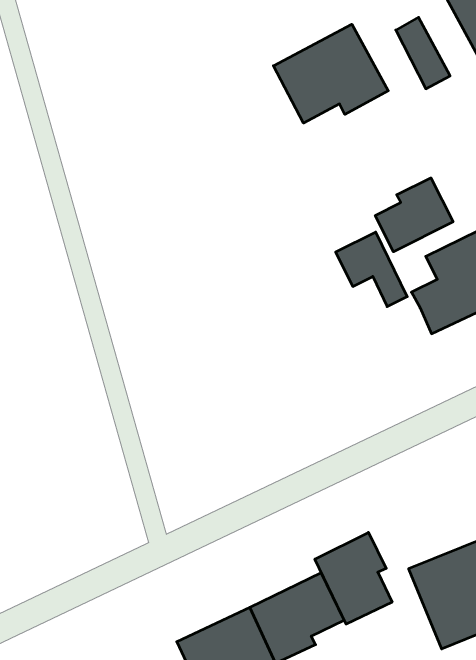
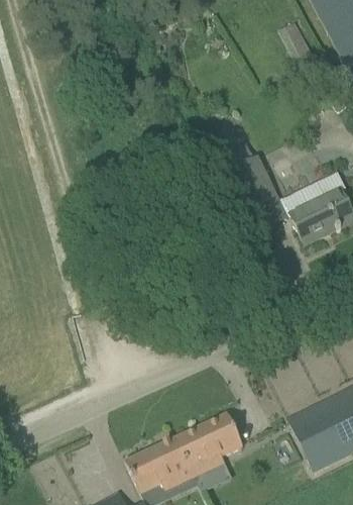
building: [273,24,388,123] -> none
building: [375,178,453,252] -> none
building: [315,532,392,624] -> none

